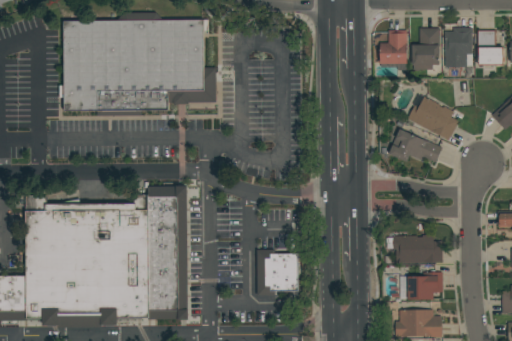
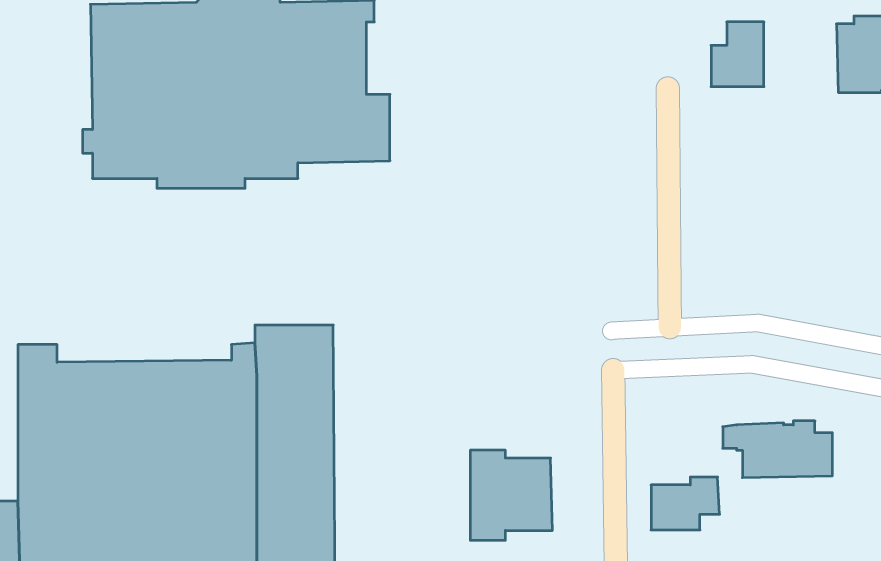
building: [412,28,440,71] -> none
building: [407,95,459,141] -> none
building: [389,129,442,163] -> none
building: [408,273,443,300] -> [651,477,720,530]

